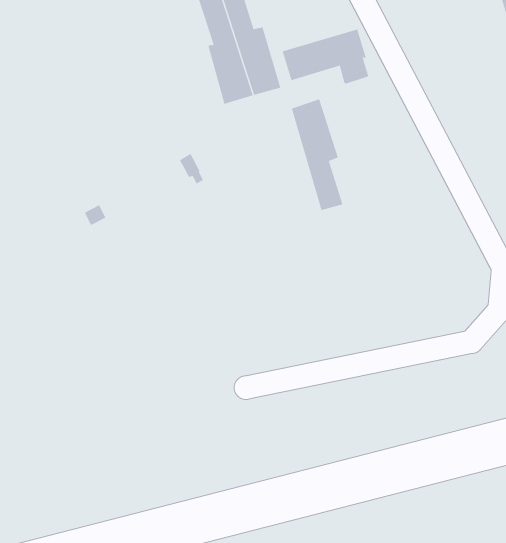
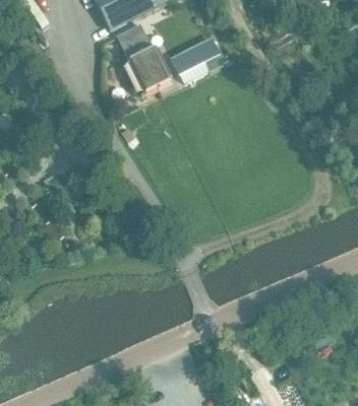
building: [291,99,343,211] -> none

